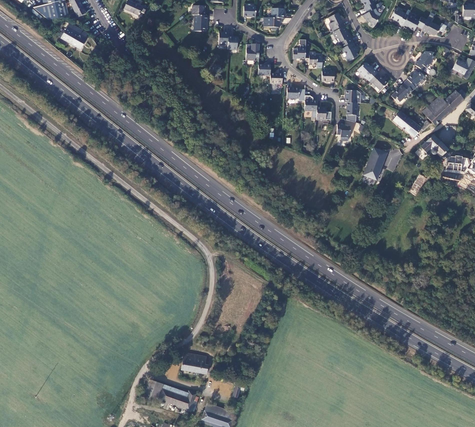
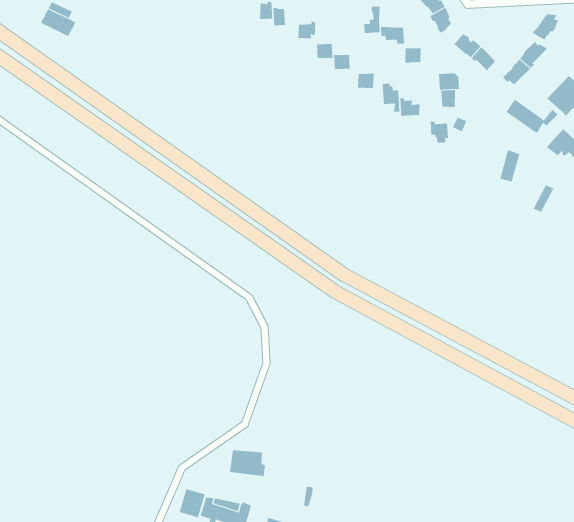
building: [363,147,386,180] -> none

